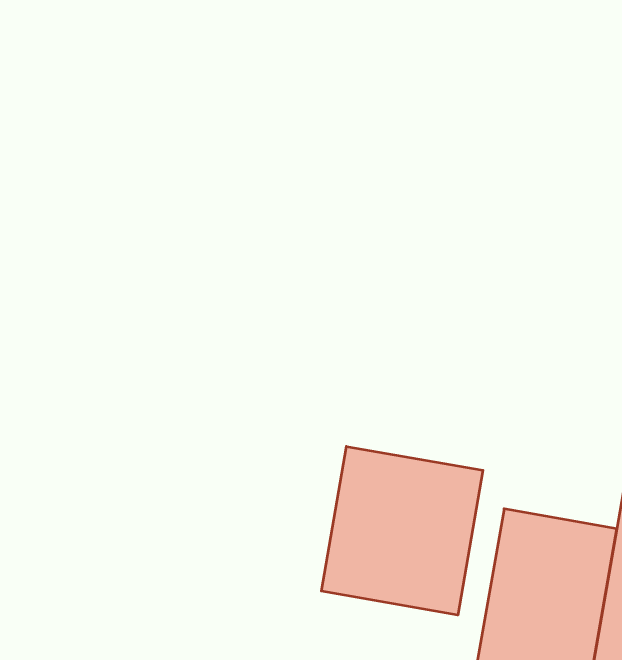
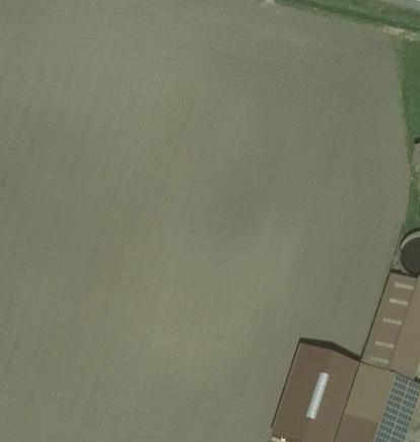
building: [321,446,483,615] -> none

